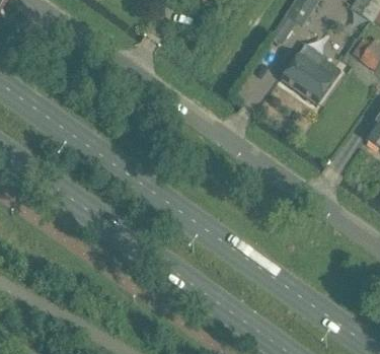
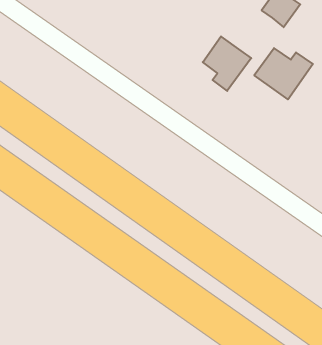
building: none -> [203,36,251,91]

